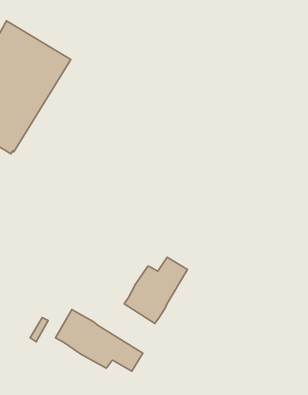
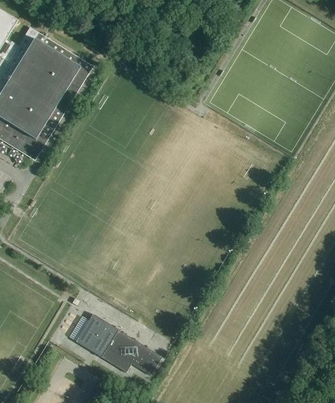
building: [124,257,188,324] -> none

